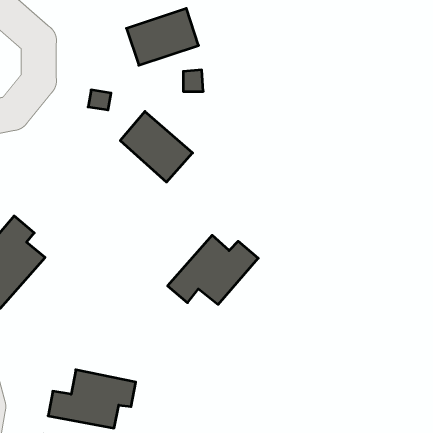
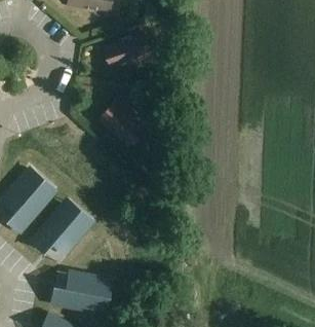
building: [168,235,258,304] -> [31,208,91,254]

